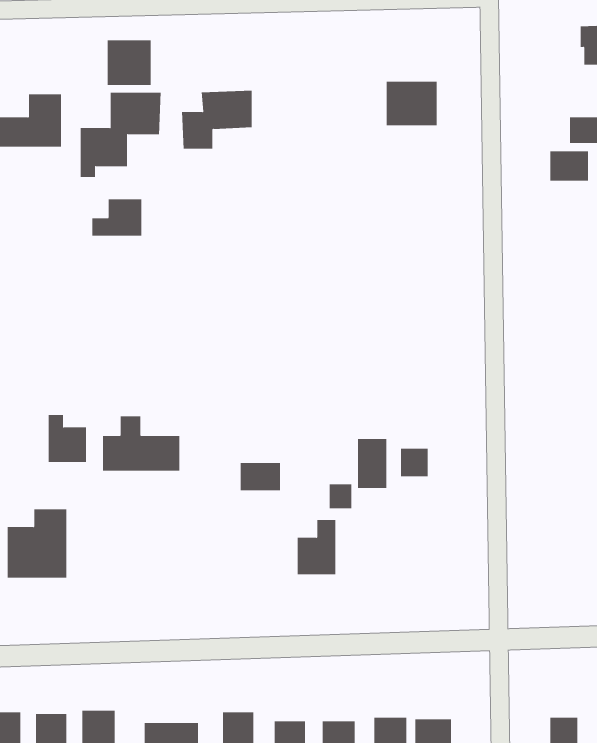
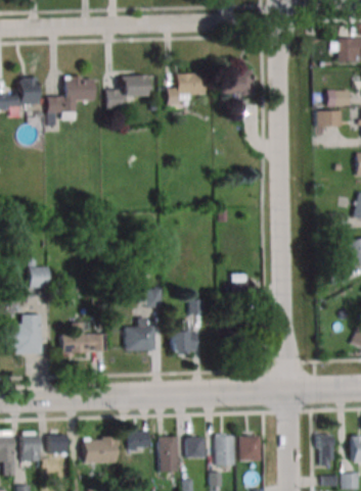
building: [107,40,151,86] -> none
building: none -> [167,73,205,106]
building: [92,199,142,236] -> none
building: [102,416,180,471] -> [61,323,106,354]
building: [357,438,387,489] -> none
building: none -> [125,318,154,351]

